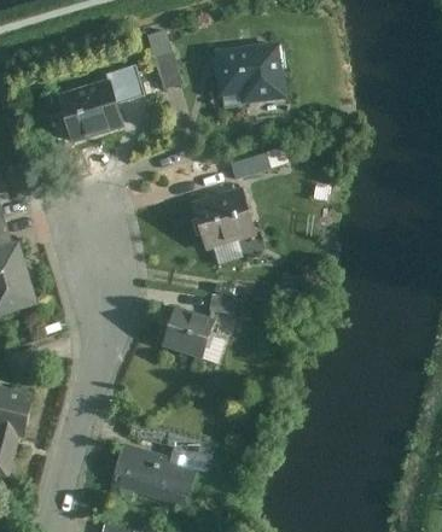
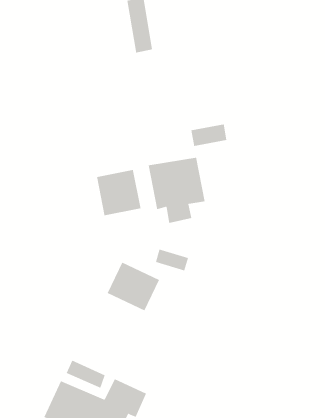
building: [215,41,289,104] -> none
building: [58,65,141,135] -> none
building: none -> [96,169,141,216]

